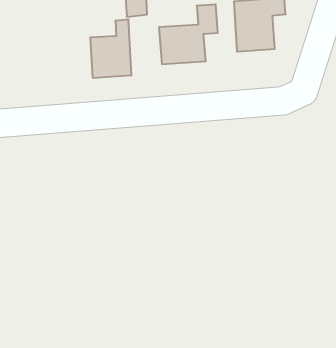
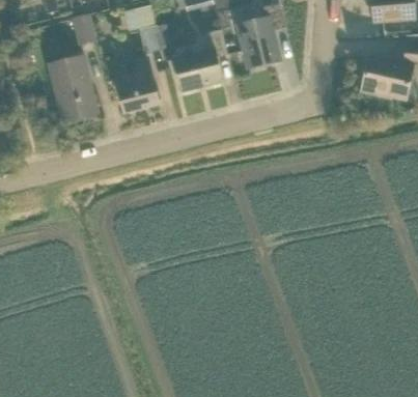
building: none -> [49,54,99,121]

